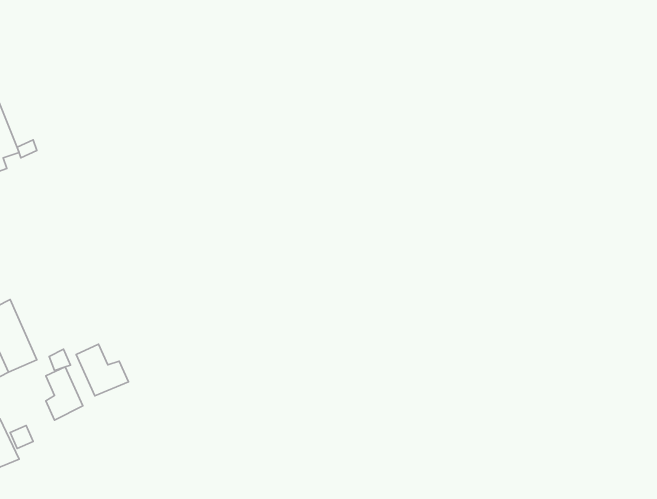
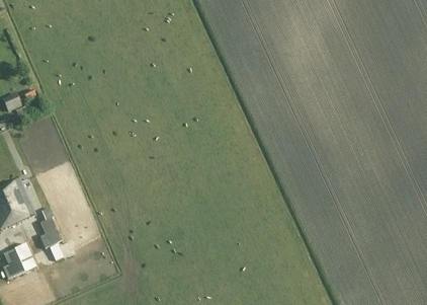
building: [76,344,129,396] -> none

